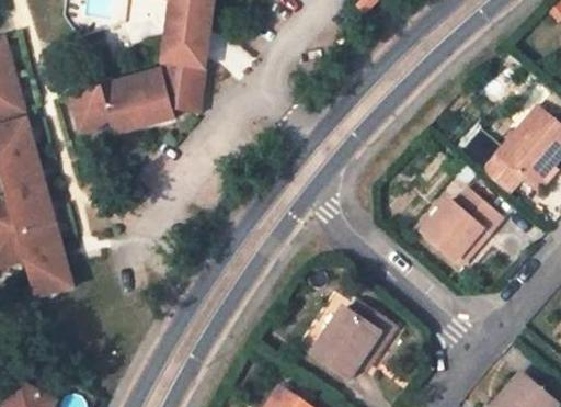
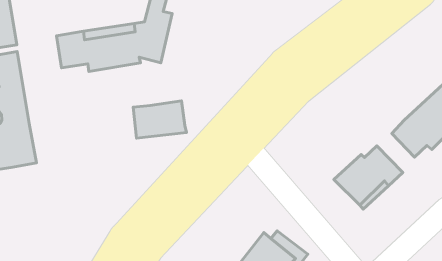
building: none -> [133,101,186,138]
building: [26,255,72,294] -> none

